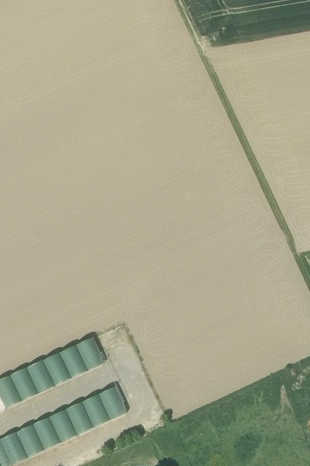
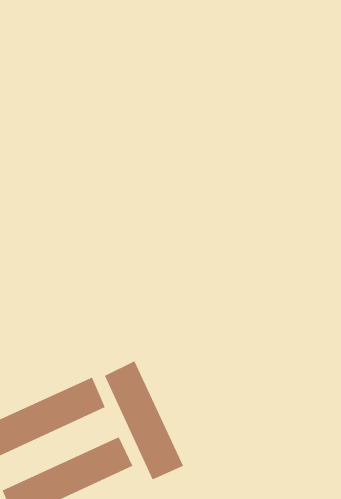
building: none -> [104,360,184,481]

